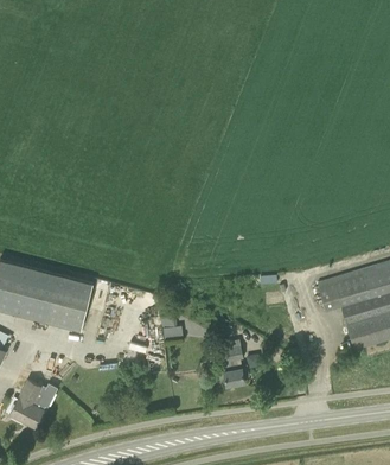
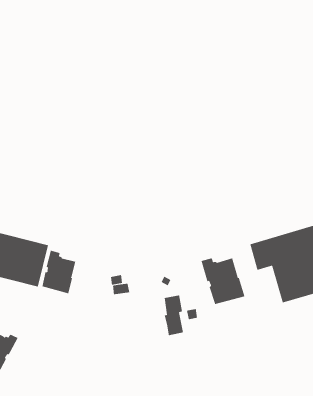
building: none -> [42,250,76,294]
building: none -> [201,258,245,305]

